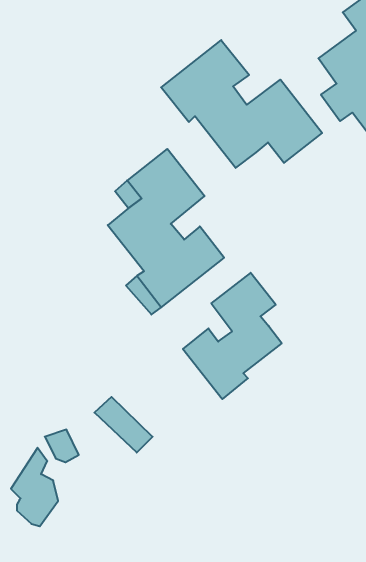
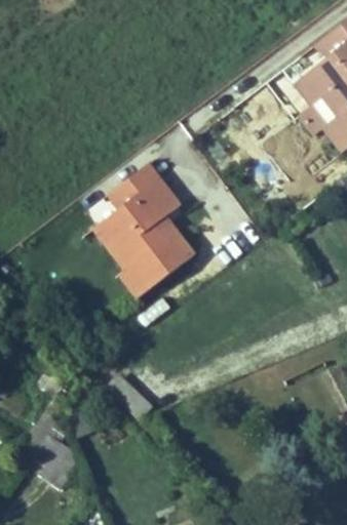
building: [161,40,322,168] -> none
building: [183,273,282,399] -> none

